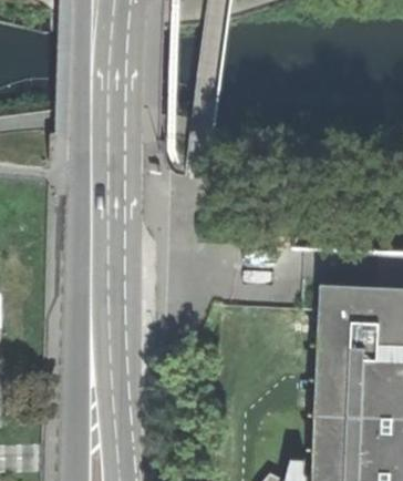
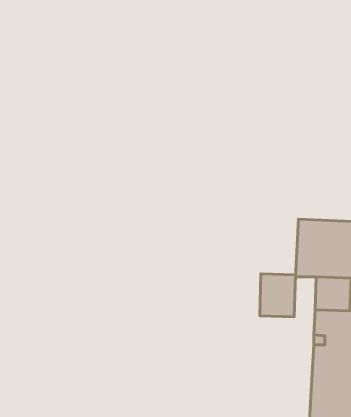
building: none -> [260,274,295,317]

